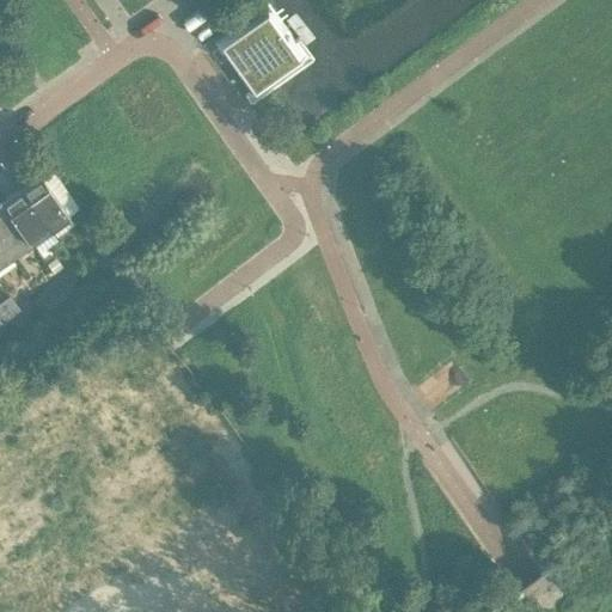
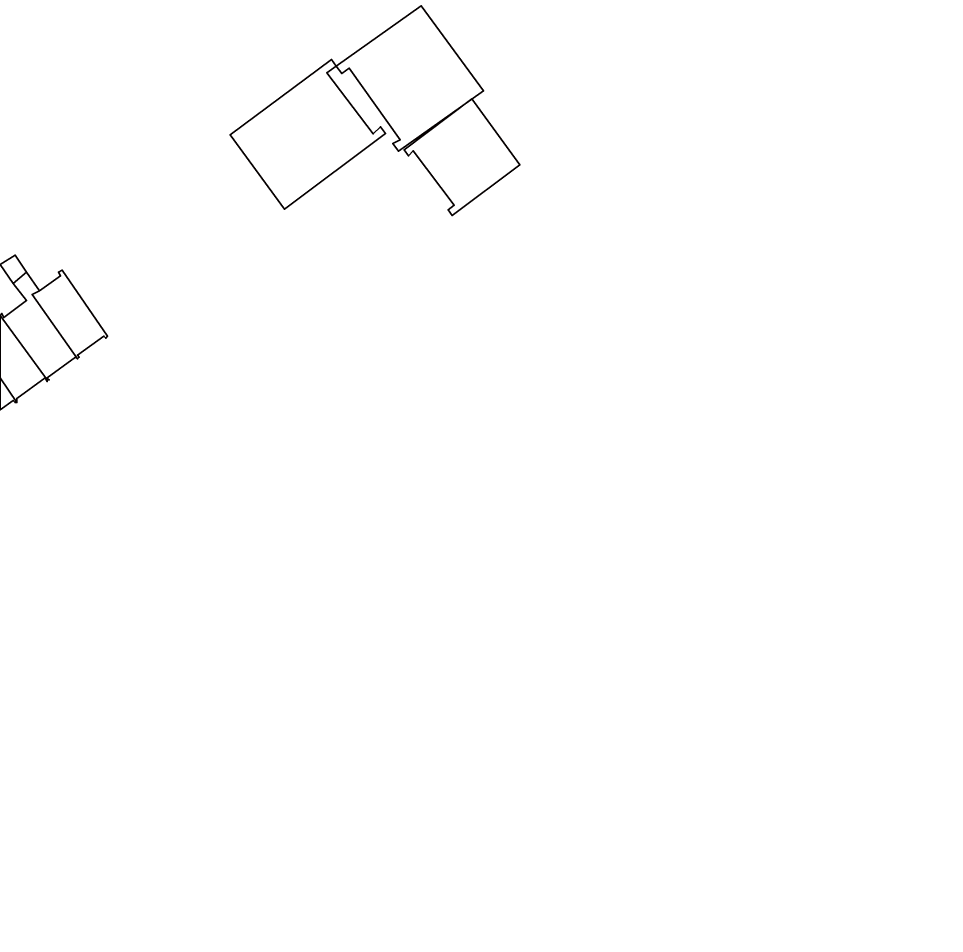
building: none -> [230,59,385,209]
building: none -> [404,99,520,216]

